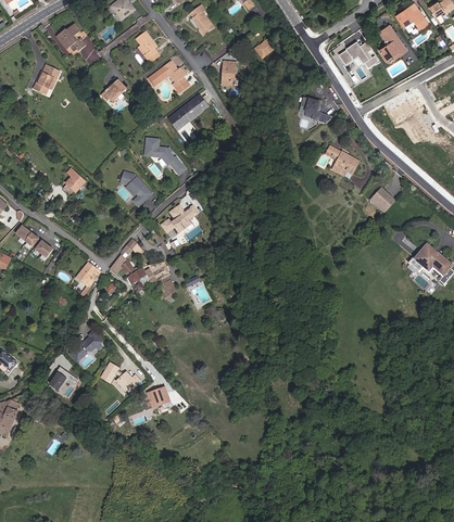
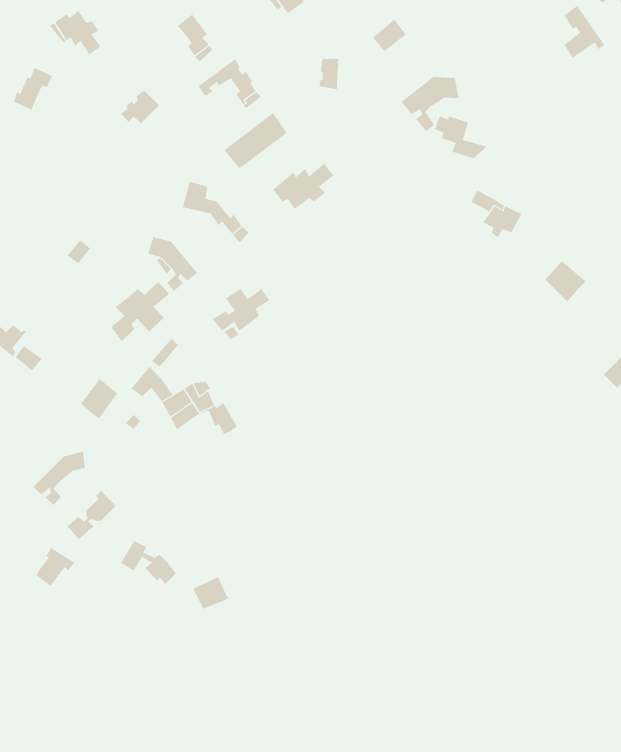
building: [337,40,378,68] -> none
building: none -> [401,76,459,132]
building: none -> [273,163,334,210]
building: none -> [111,281,170,342]
building: none -> [33,451,85,506]

